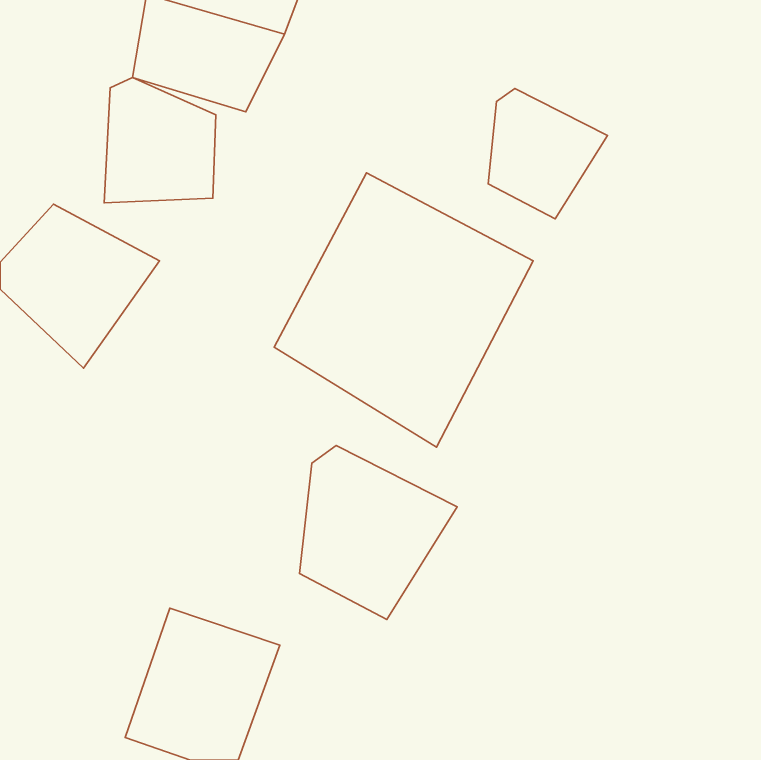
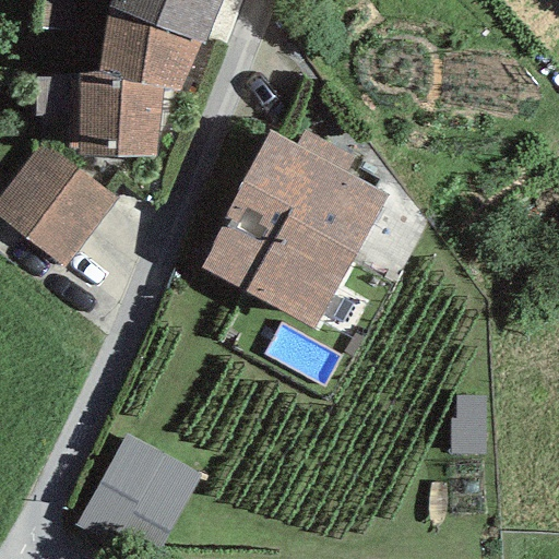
building: [488,89,607,219] -> none
building: [299,445,457,619] -> none

